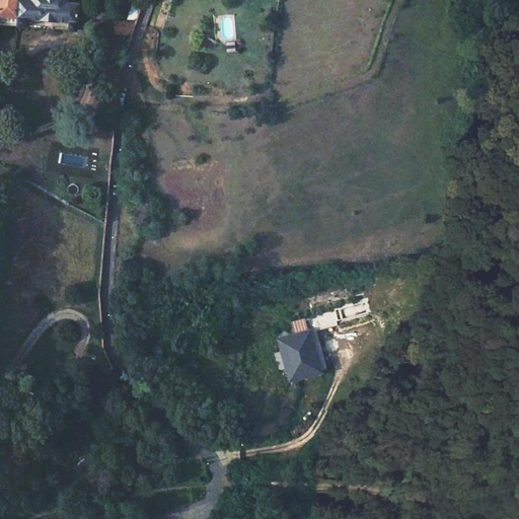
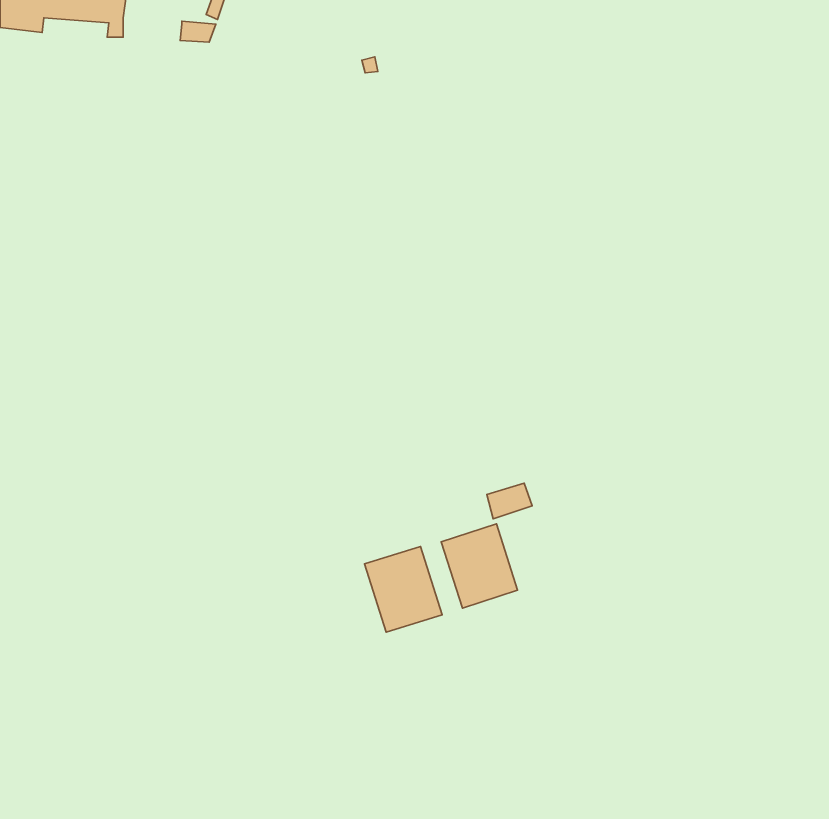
building: none -> [364,546,442,632]

